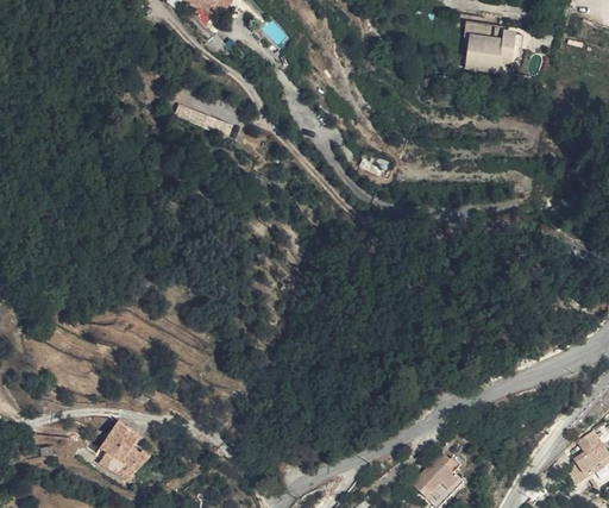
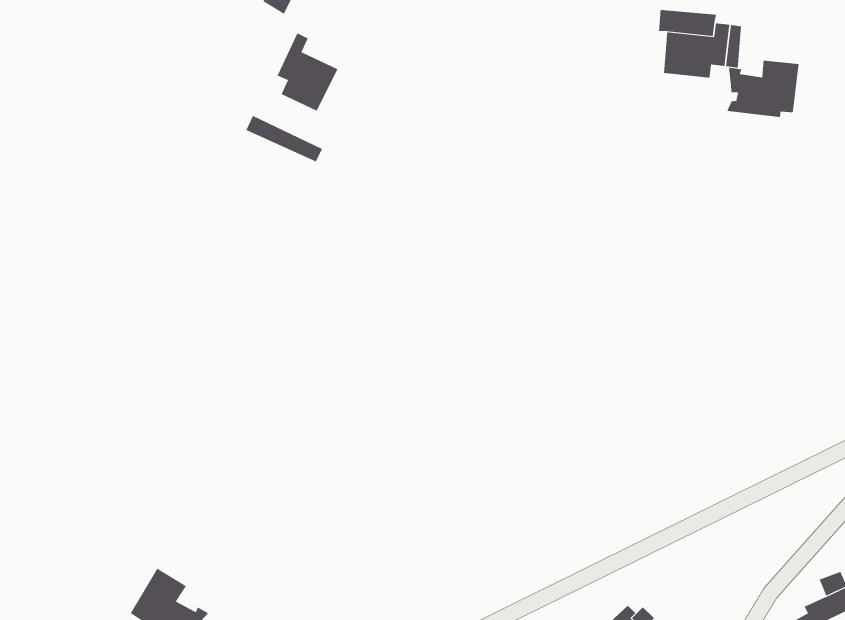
building: none -> [277,33,338,111]
building: none -> [727,60,799,118]

